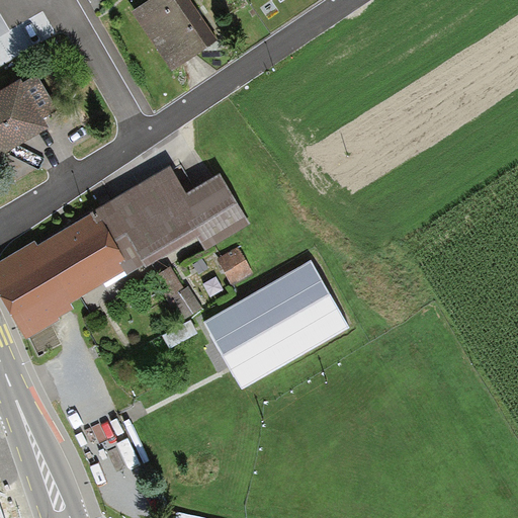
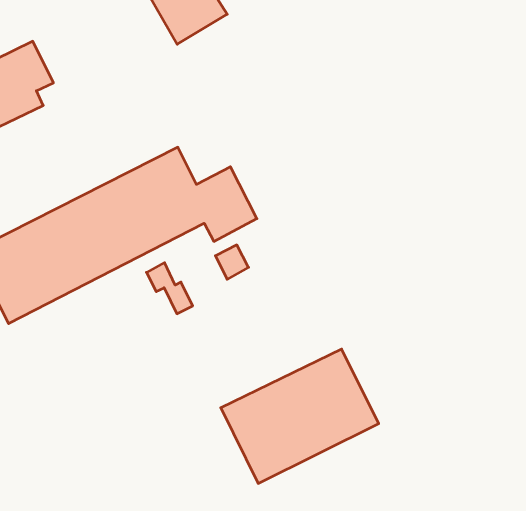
building: [203,257,350,385] -> [221,349,379,483]

